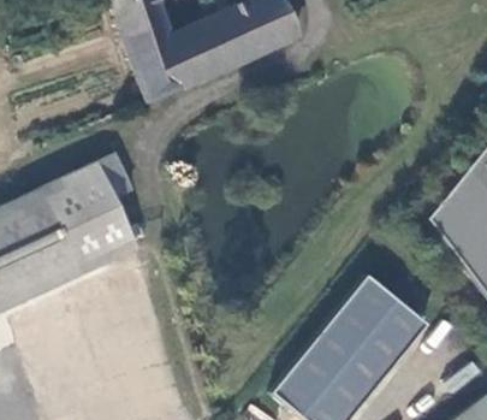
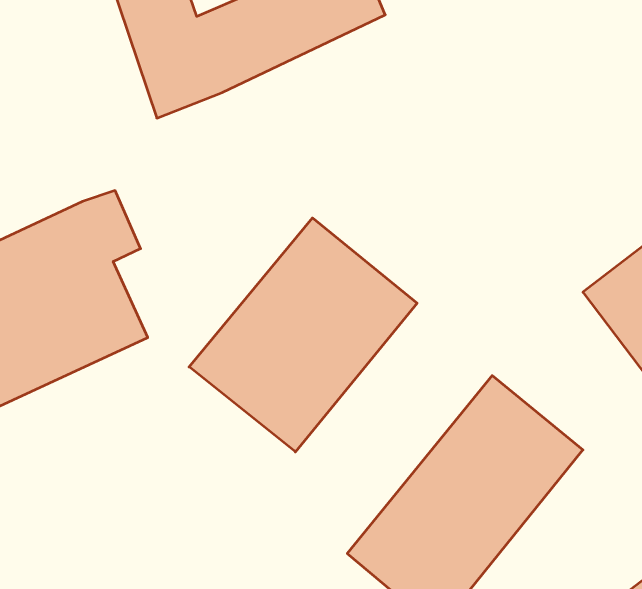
building: none -> [189,218,417,452]

